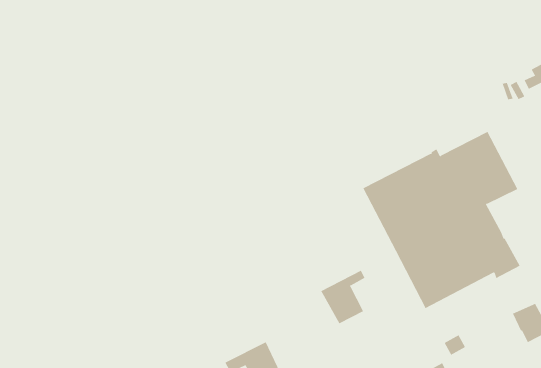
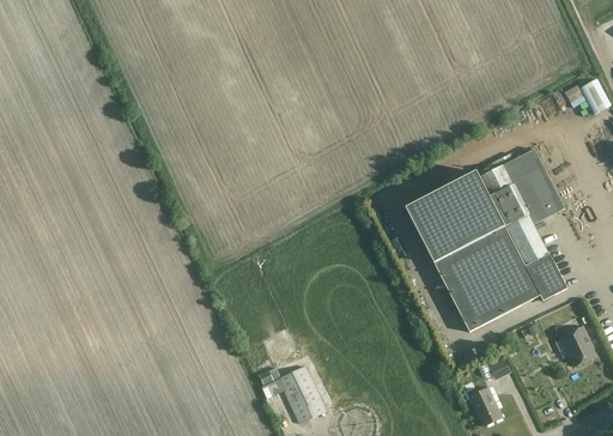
building: [321,270,365,324] -> none

